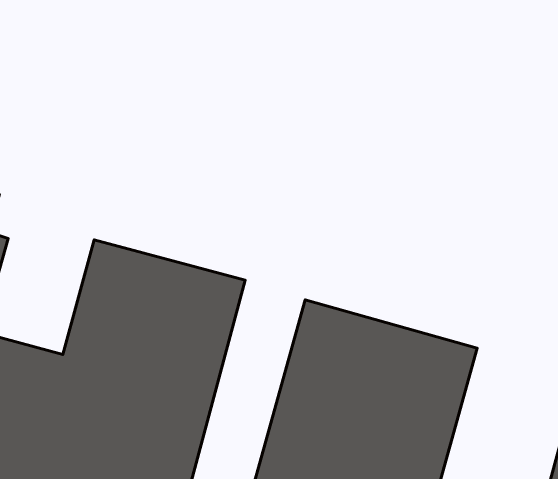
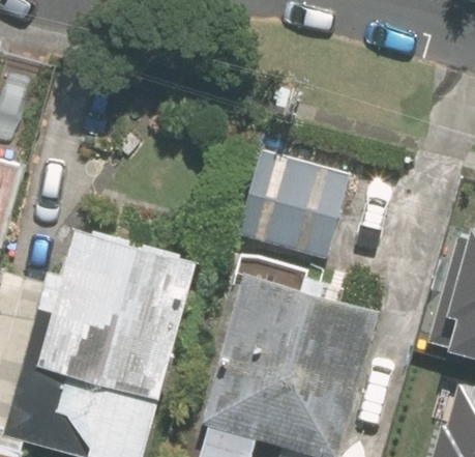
building: none -> [266,160,348,264]

